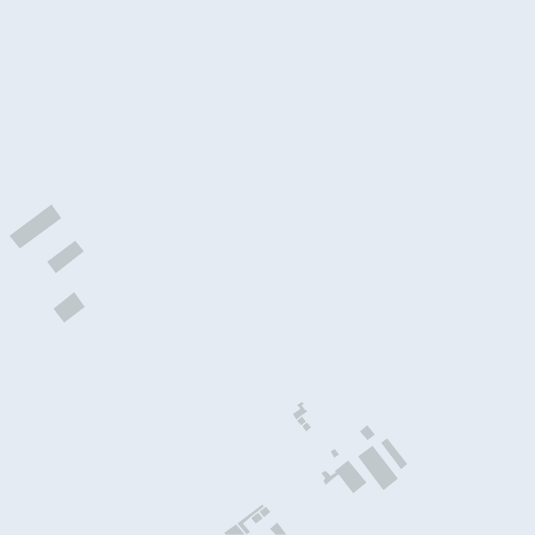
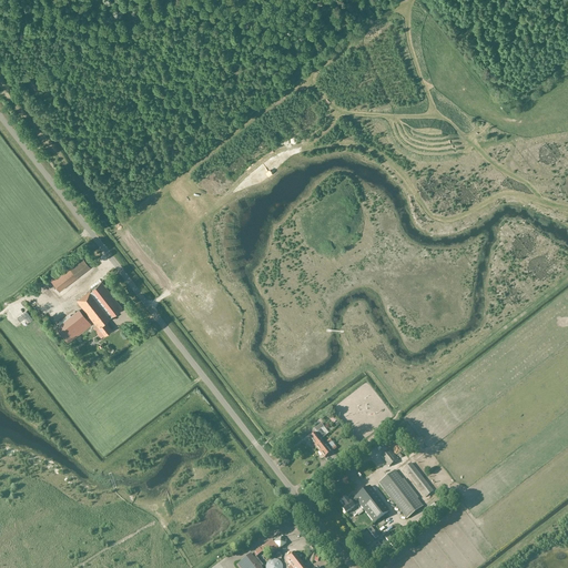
building: [9,203,62,250] -> none
building: none -> [77,282,122,337]

